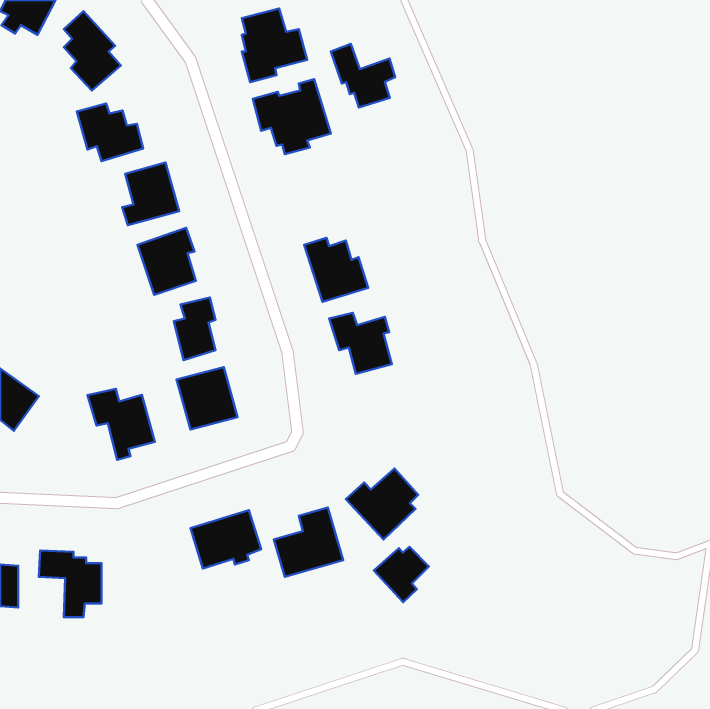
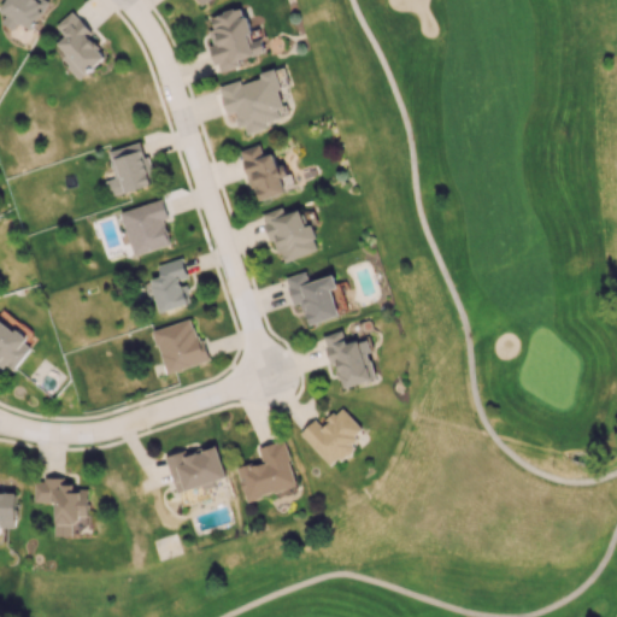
building: [331,44,395,108] -> none
building: [77,103,143,161] -> none
building: none -> [240,145,286,202]
building: none -> [325,330,376,389]
building: [87,389,155,460] -> none
building: [374,547,429,602] -> none

